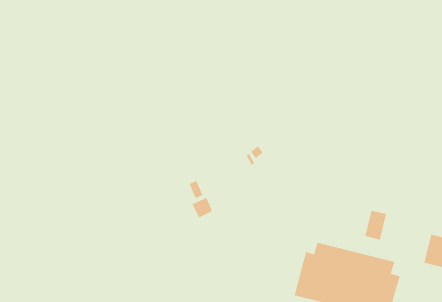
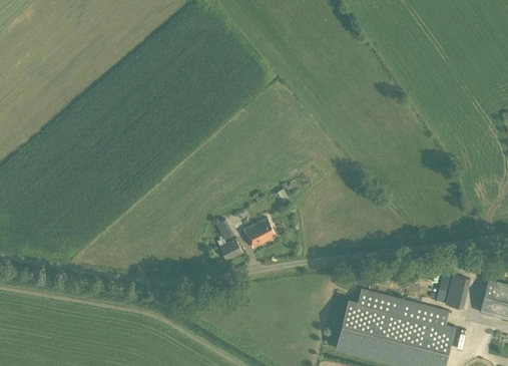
building: none -> [244,218,277,248]
building: [365,210,387,241] -> [445,275,470,309]

